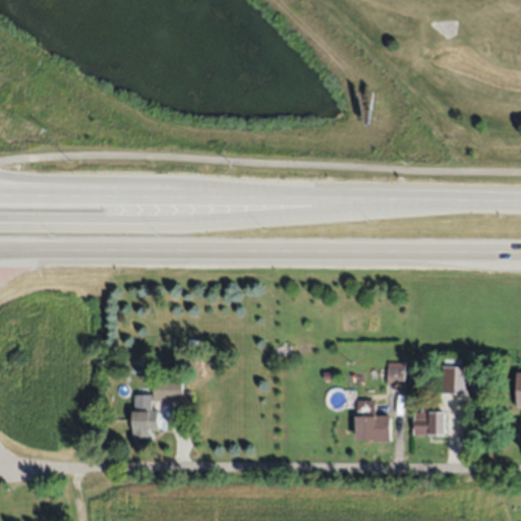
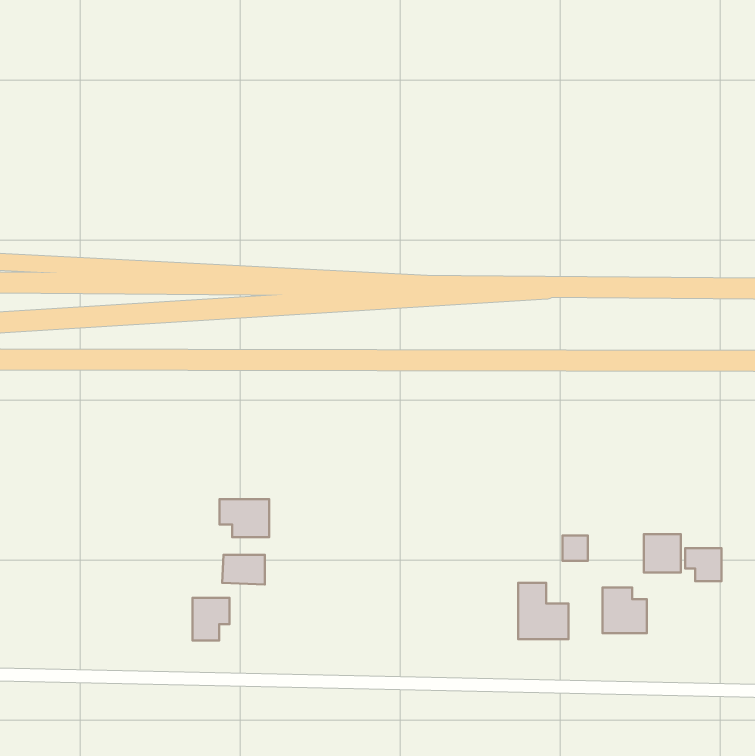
building: none -> [219,499,269,537]
building: none -> [685,548,721,581]

